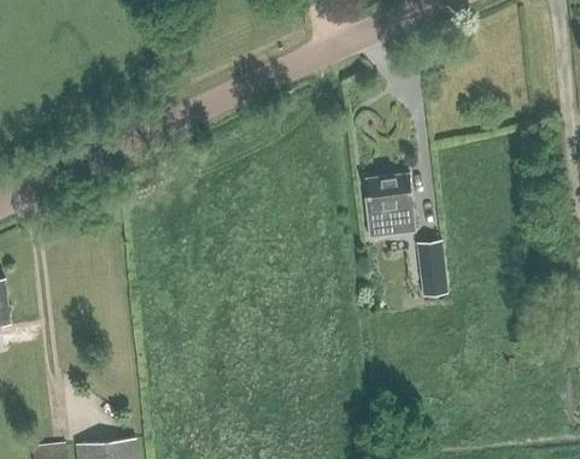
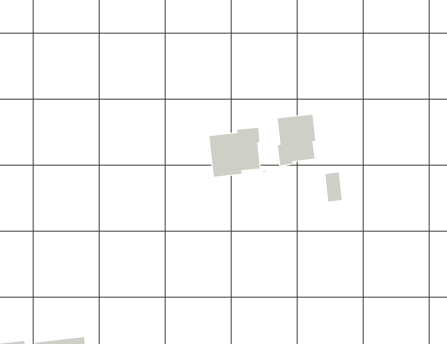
building: none -> [209,127,266,177]

